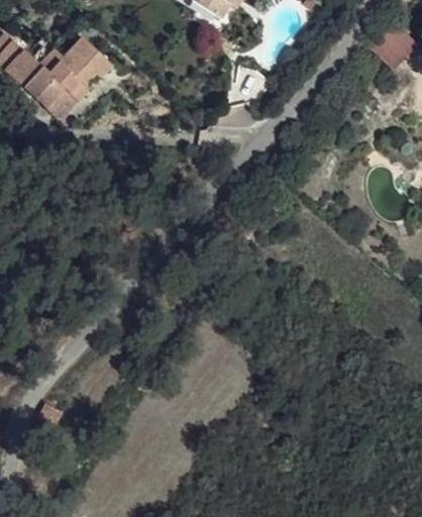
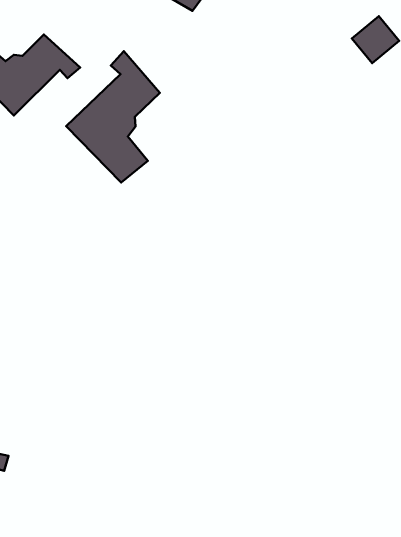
building: none -> [66,51,160,183]

